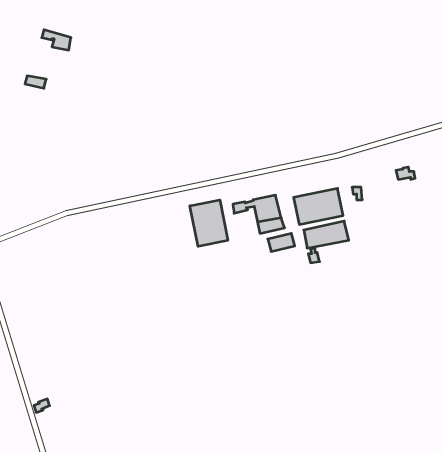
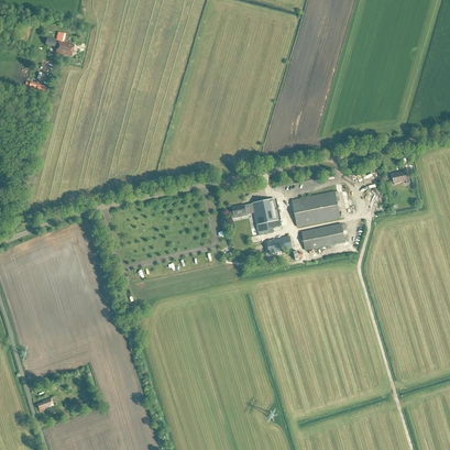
building: [190,200,228,246] -> none

